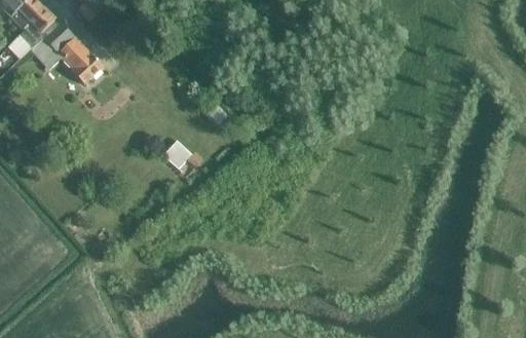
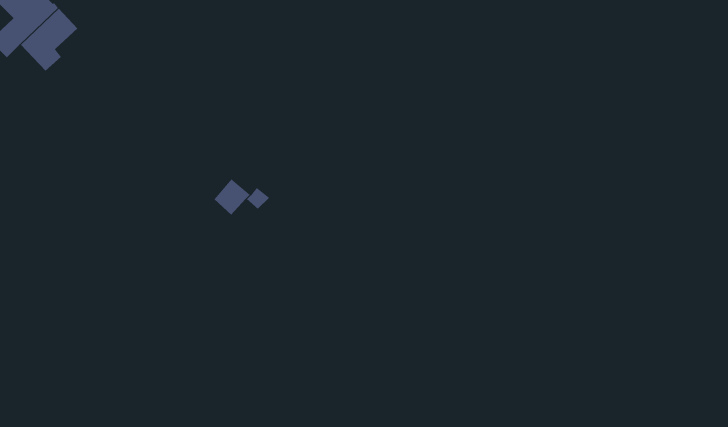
building: [59,37,101,82] -> none

